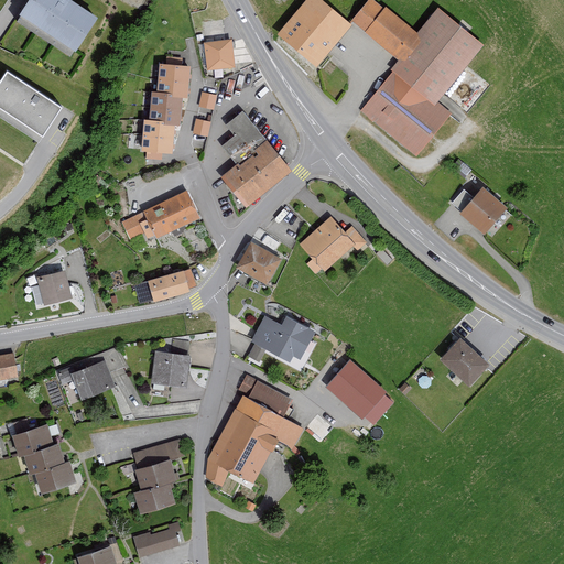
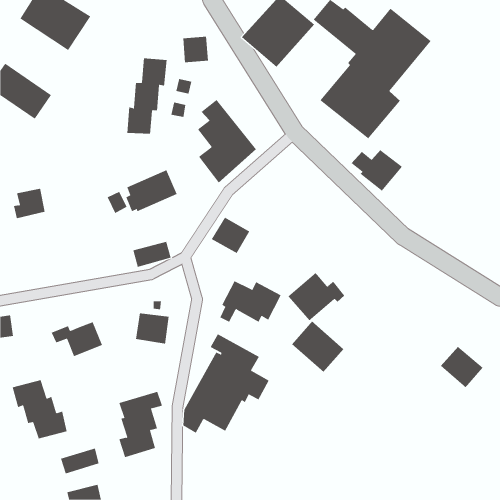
building: [452,187,510,235] -> [351,149,403,191]
building: [300,216,365,271] -> [287,272,345,321]
building: [34,272,70,306] -> [13,188,46,219]
building: [440,338,488,386] -> [440,346,483,388]
building: [133,527,177,556] -> [60,448,99,474]

